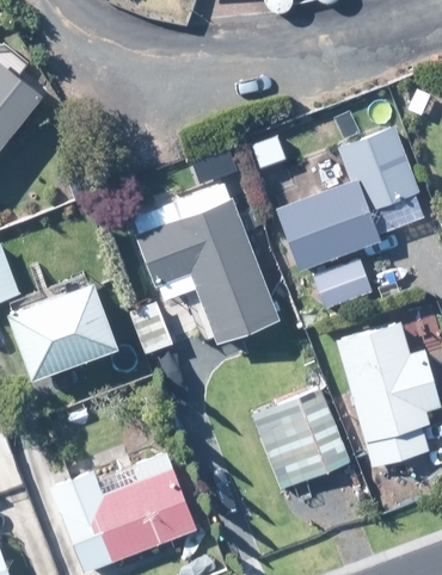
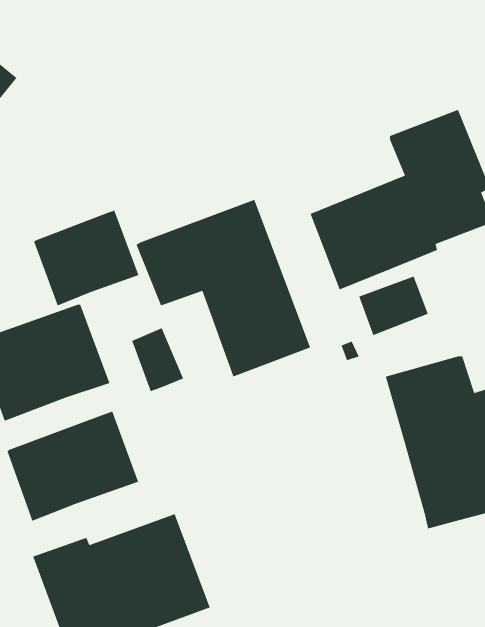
building: none -> [33,209,140,307]
building: none -> [7,411,139,522]
building: [253,389,350,488] -> none

